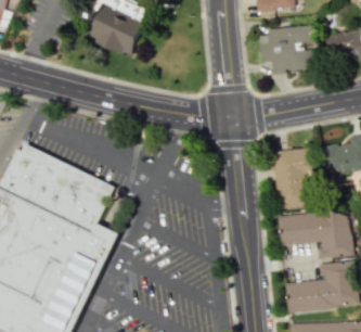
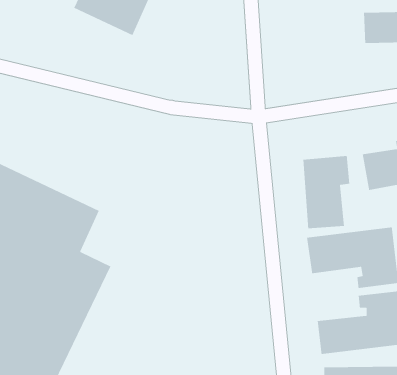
building: [259,25,317,73] -> none

